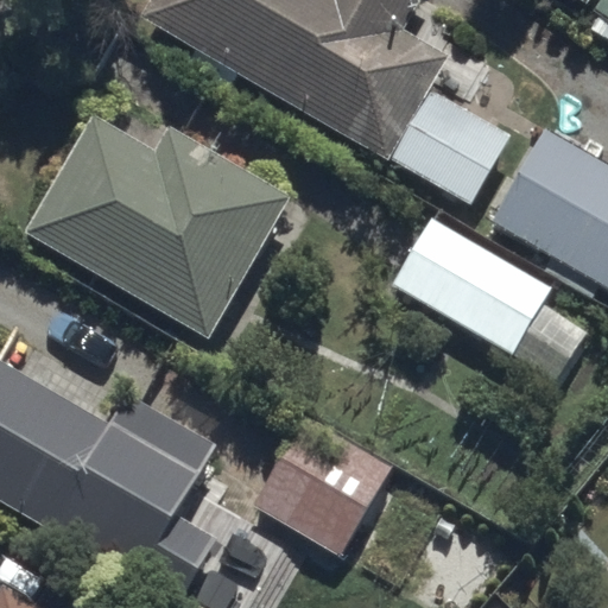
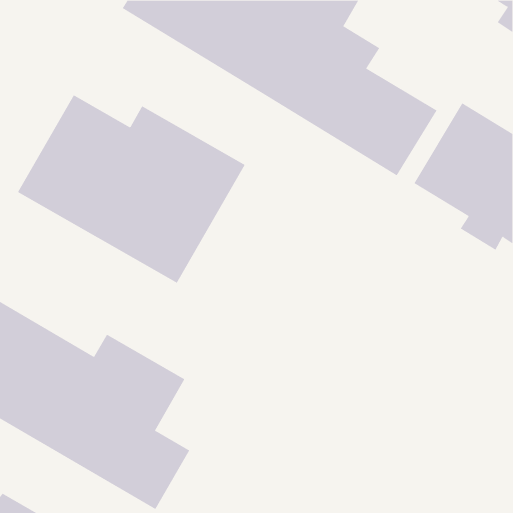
building: [391,211,588,387] -> none
building: [248,411,393,556] -> none

